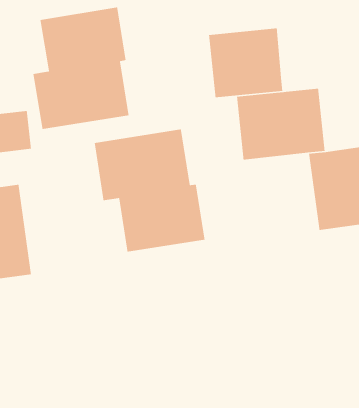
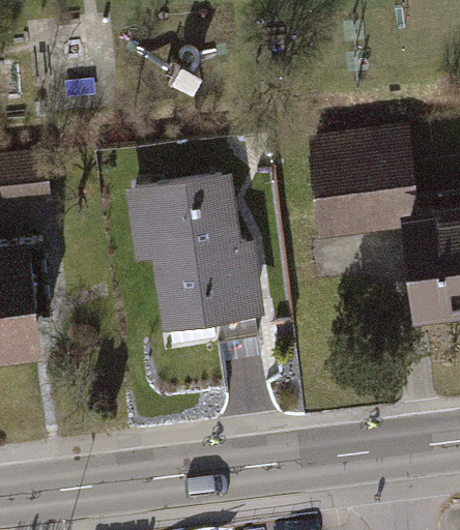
building: [33,7,129,130] -> none
building: [208,27,283,98] -> none

